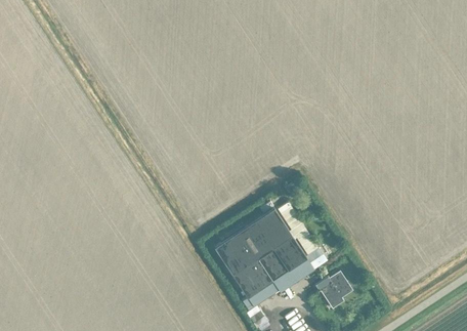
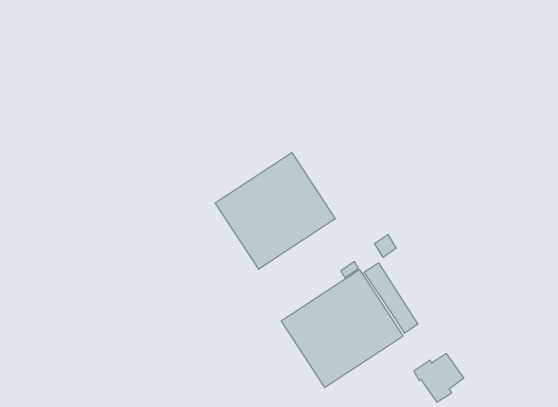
building: none -> [215,153,335,269]

